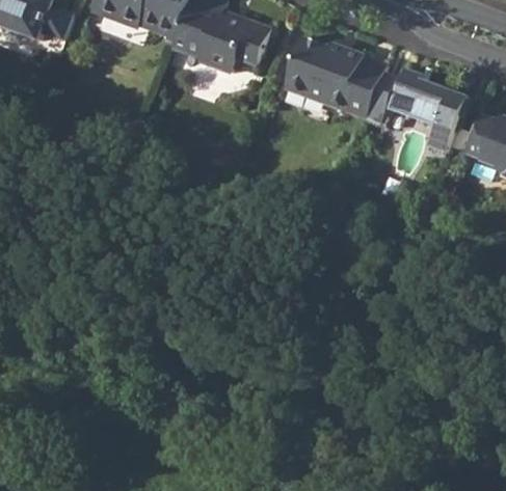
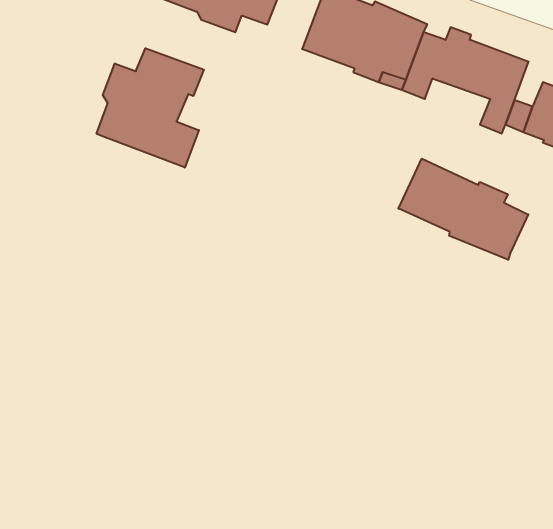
building: none -> [97,48,204,168]
building: none -> [398,159,528,260]

